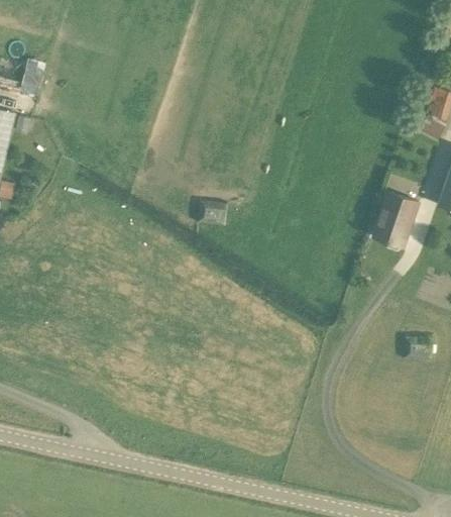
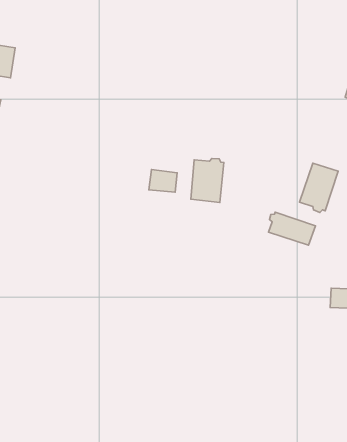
building: none -> [191,158,224,203]
building: none -> [269,212,316,245]

